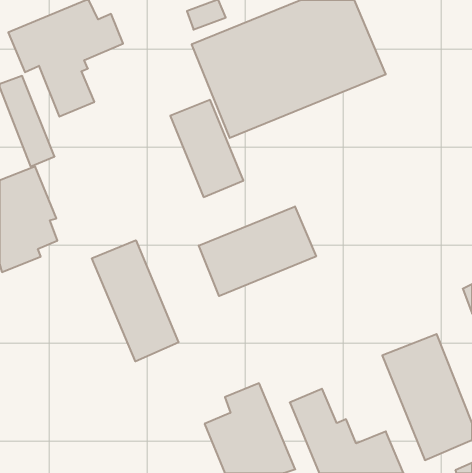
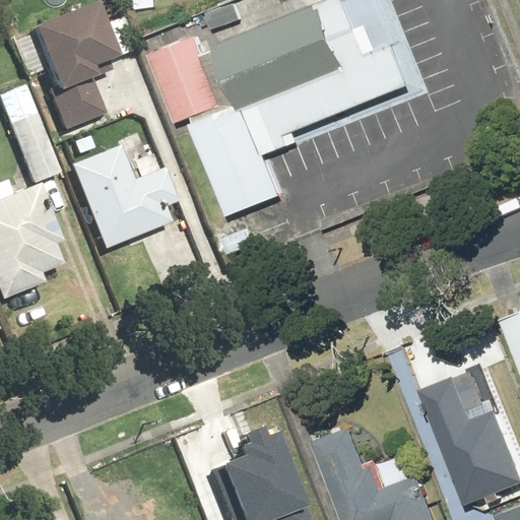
building: none -> [160,36,221,114]
building: none -> [69,143,177,248]
building: [199,206,316,296] -> none
building: [92,240,178,361] -> none

